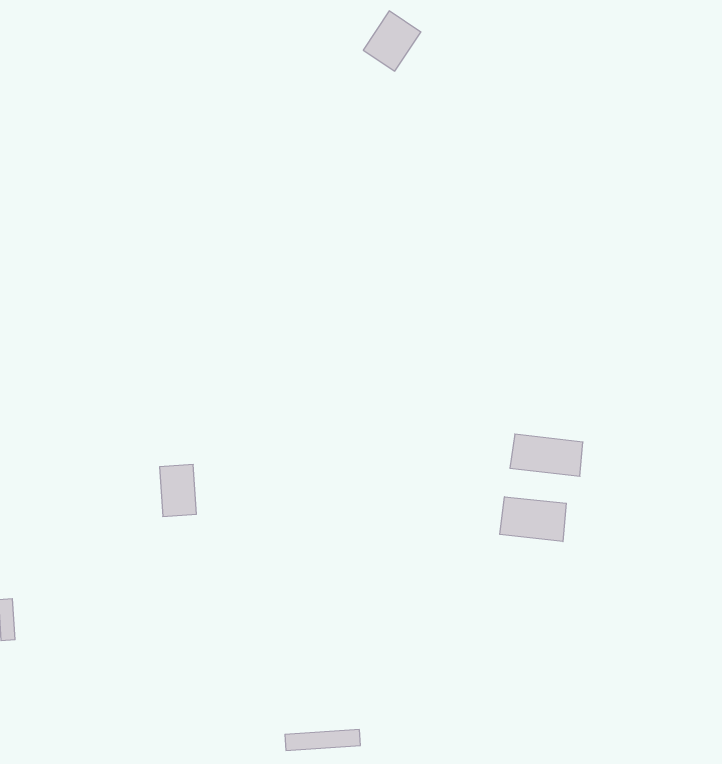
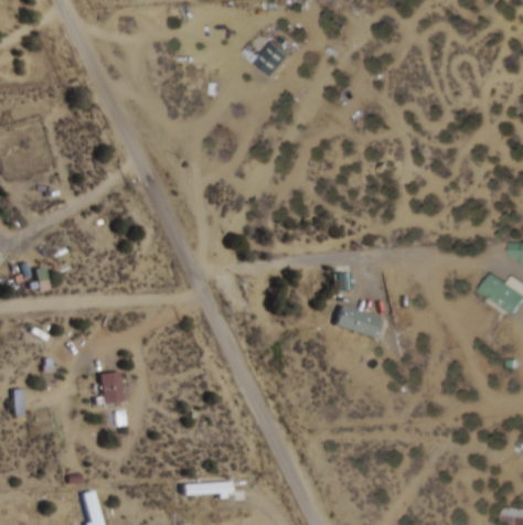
building: [160,465,196,516] -> [103,371,124,401]
building: [500,497,566,542] -> none

